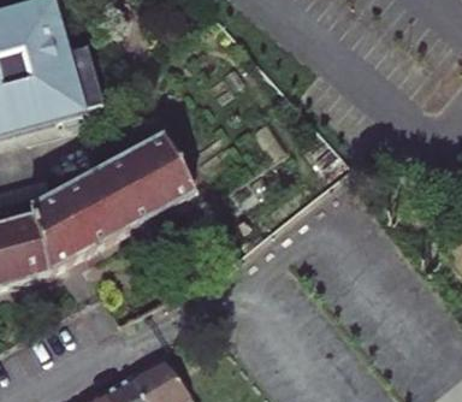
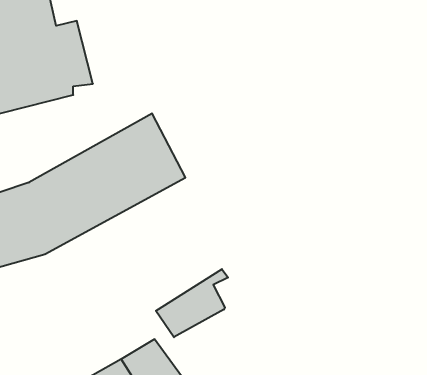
building: none -> [156,269,228,337]

